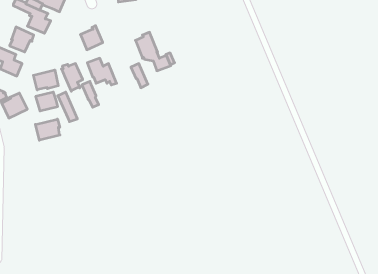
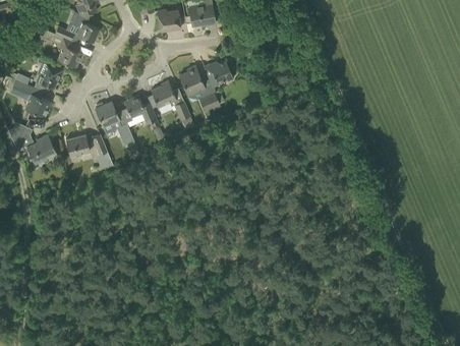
building: [80,26,103,50] -> [151,80,176,108]
building: none -> [204,60,233,86]
building: [33,70,58,90] -> none
building: [35,119,60,140] -> none

